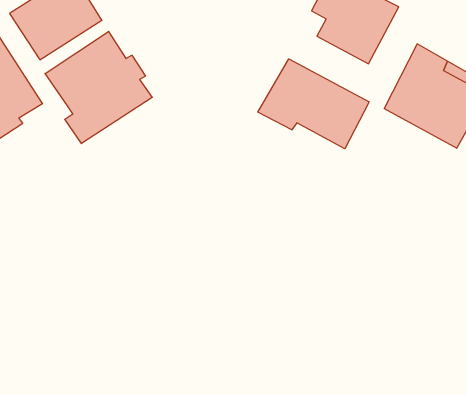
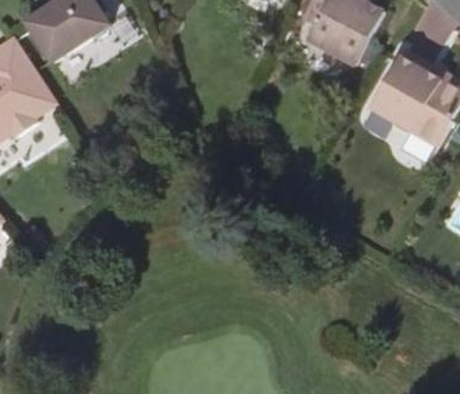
building: [45,31,152,144] -> none
building: [258,59,369,149] -> none

